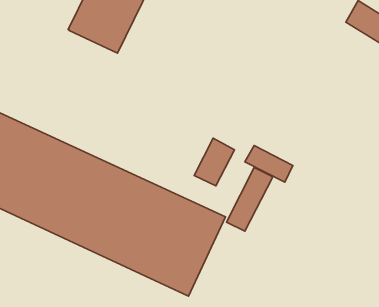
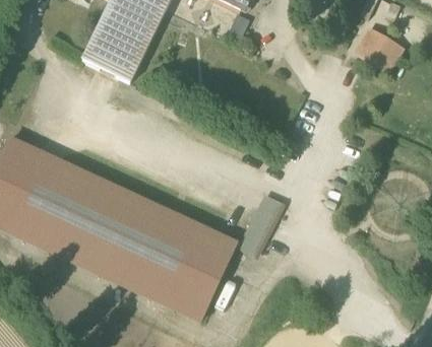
building: [194,138,234,186] -> none
building: [245,146,293,182] -> none

